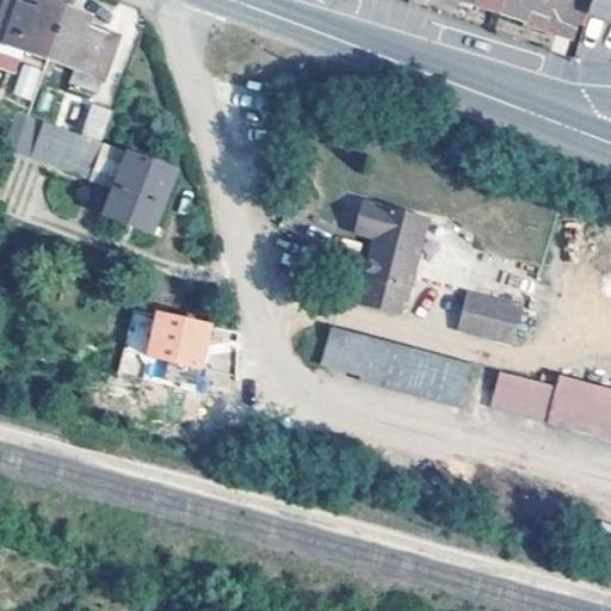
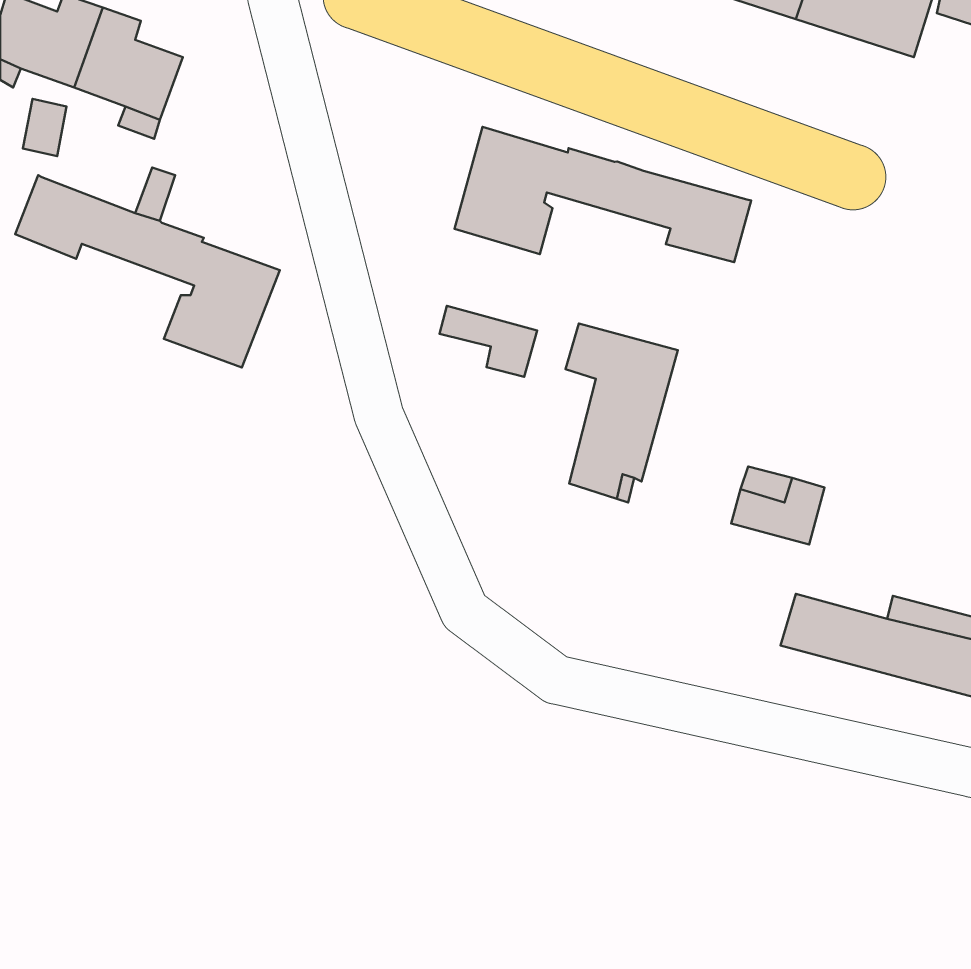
building: none -> [454,127,751,262]
building: none -> [440,306,537,377]
building: [121,304,214,374] -> none
building: [322,327,473,408] -> none

